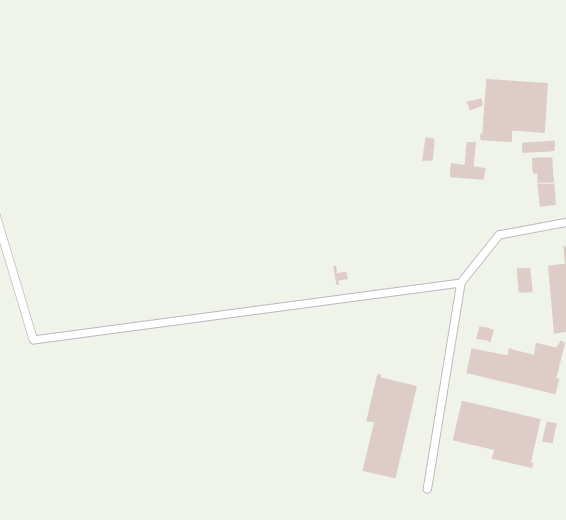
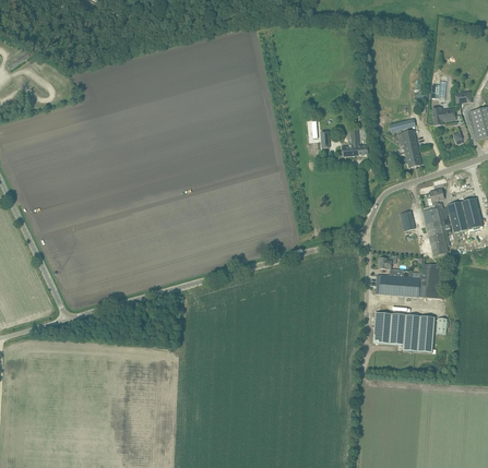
building: [480,78,549,143] -> none
building: [362,374,418,479] -> none

